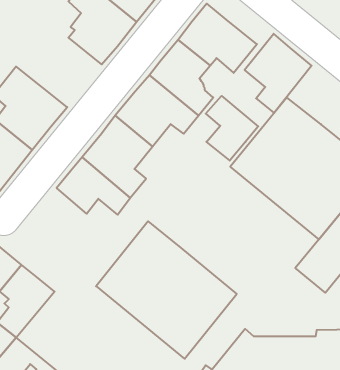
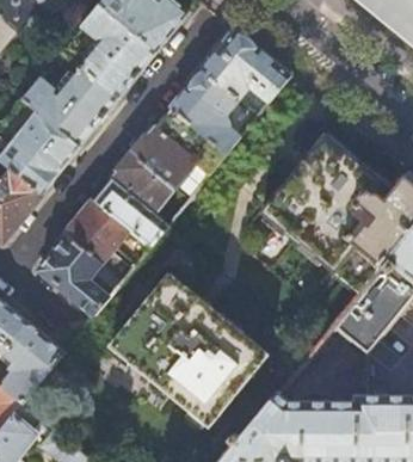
building: [245,34,312,113] -> none
building: none -> [20,68,116,146]
building: [206,96,258,161] -> none
building: none -> [37,236,107,316]

